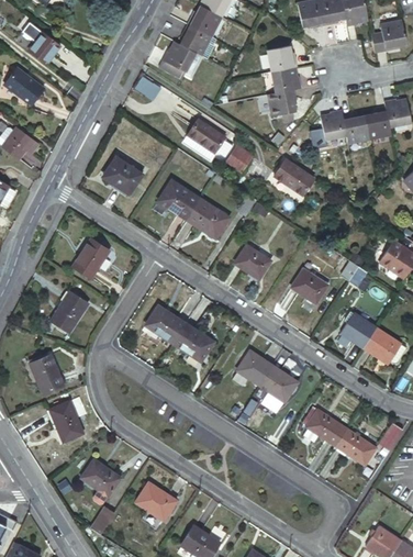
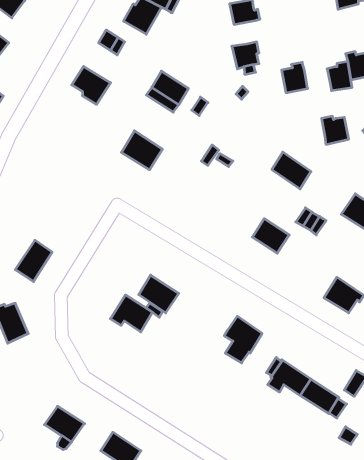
building: [271,66,302,91] -> none
building: [343,114,370,143] -> [322,116,349,144]
building: [102,155,142,193] -> [72,66,111,104]
building: [275,158,314,196] -> [272,152,311,189]
building: [186,197,228,236] -> none
building: [71,235,104,274] -> none
building: [233,244,270,278] -> none
building: [144,307,187,344] -> [110,295,153,332]
building: [341,310,376,347] -> none
building: [239,352,275,386] -> none
building: [48,399,82,441] -> none

